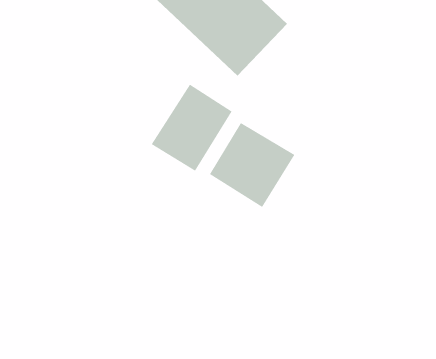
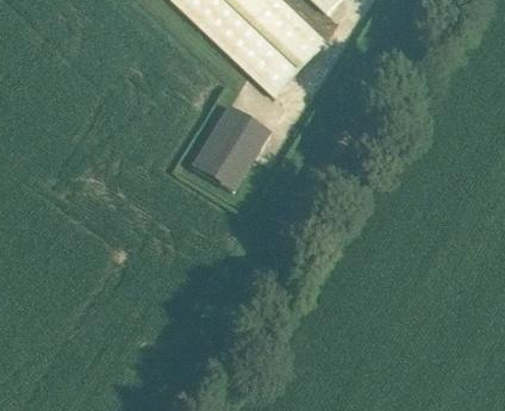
building: [209,122,295,208] -> none

